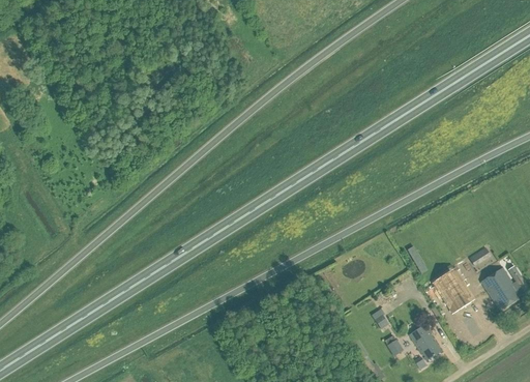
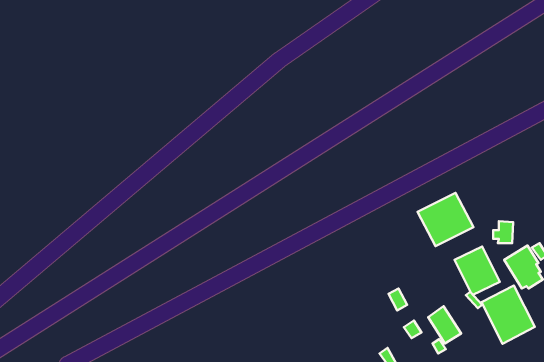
building: none -> [417,193,473,246]
building: none -> [482,285,535,344]

